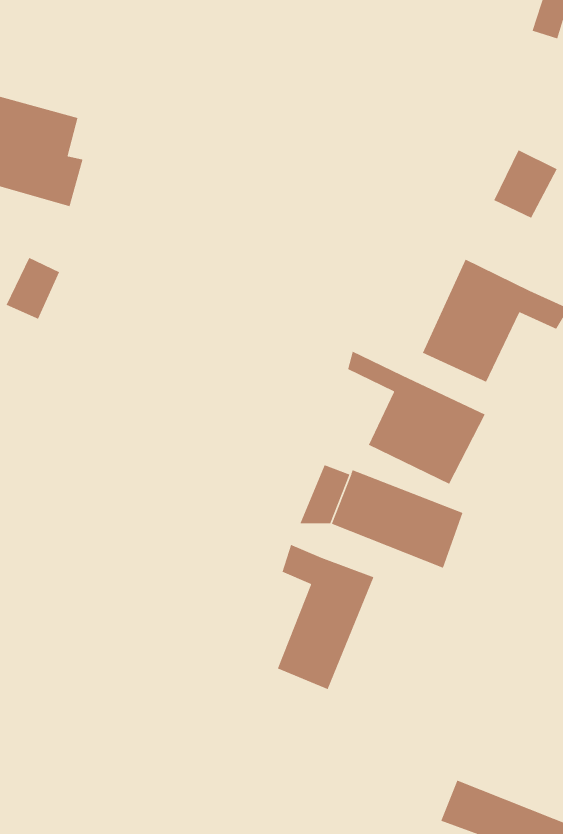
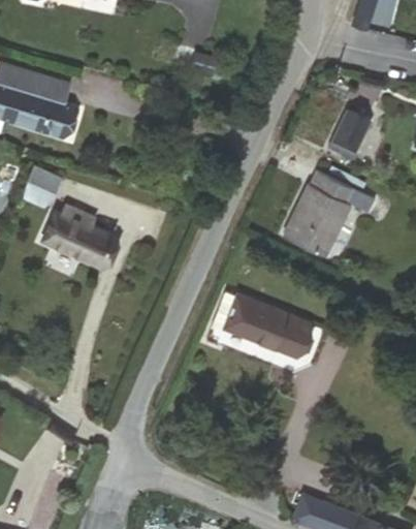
building: none -> [42,207,122,271]
building: [347,350,486,485] -> none
building: [277,544,374,690] -> none

